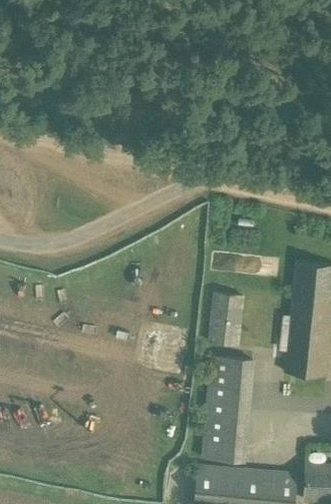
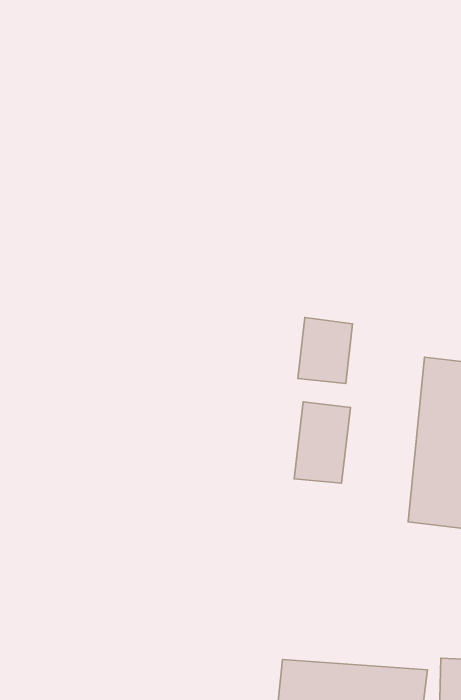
building: none -> [298,318,352,384]
building: [202,354,253,461] -> none

